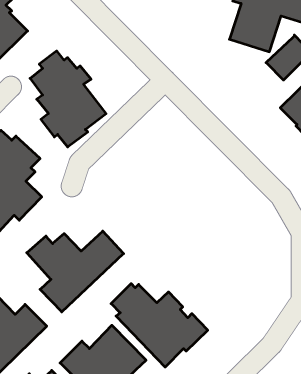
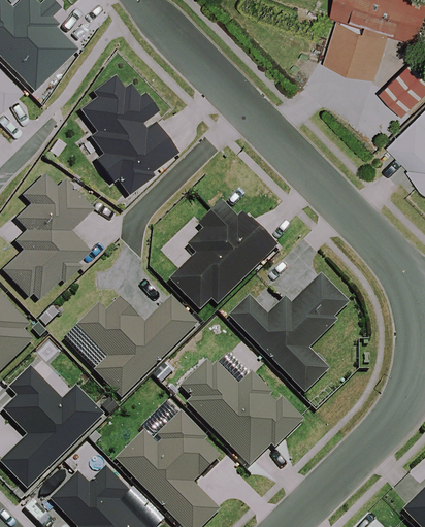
building: none -> [172,202,279,314]
building: none -> [228,273,350,391]

